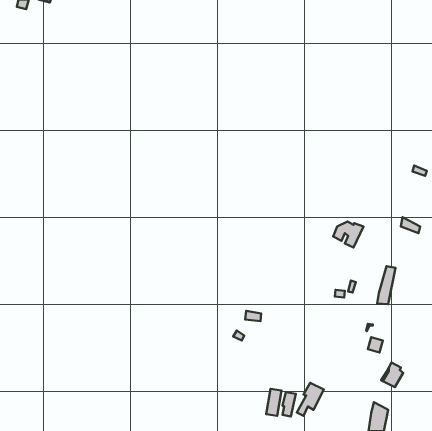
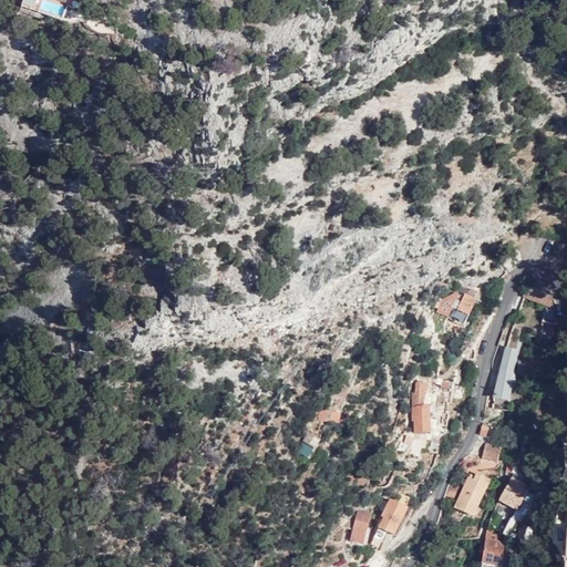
building: none -> [409,383,437,434]
building: none -> [453,472,491,516]

